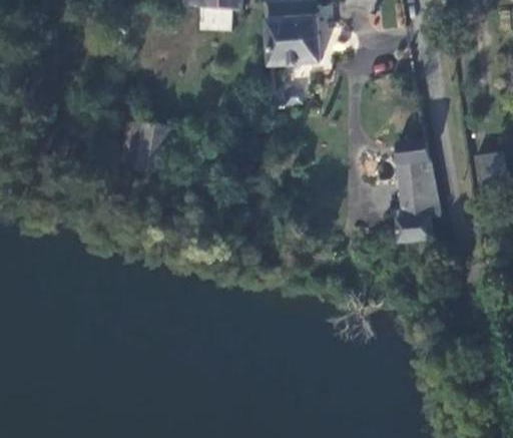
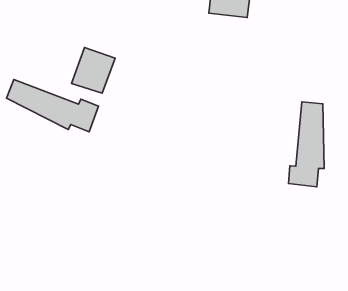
building: none -> [7,79,98,132]

